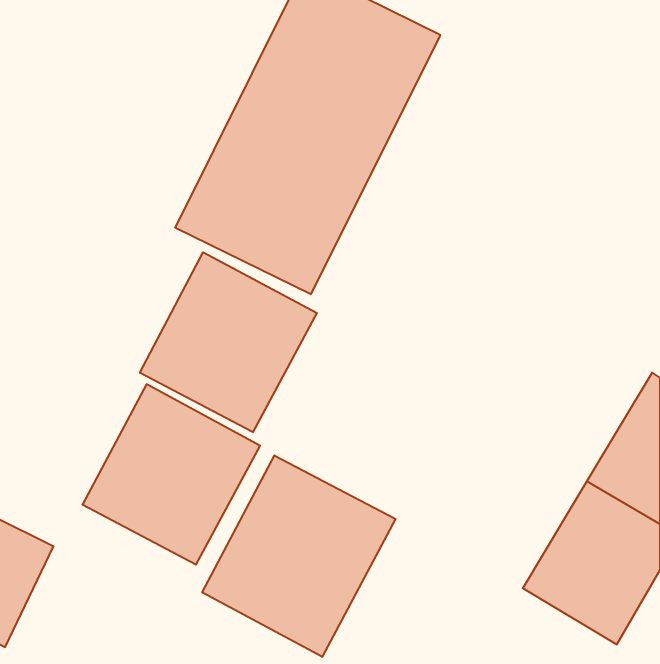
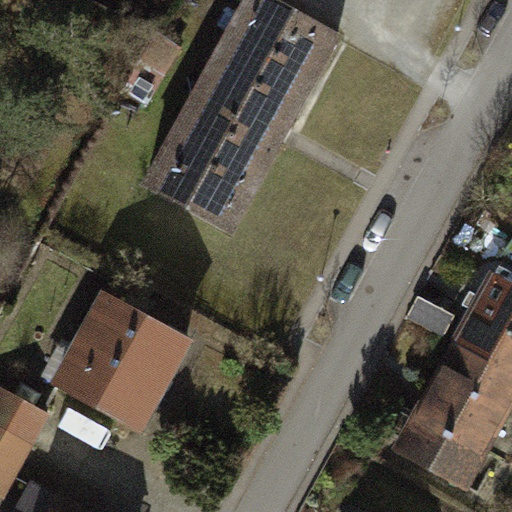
building: [140,252,317,432] -> none
building: [202,455,396,657] -> none

